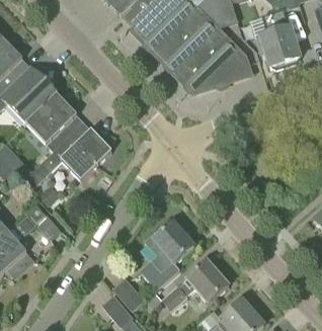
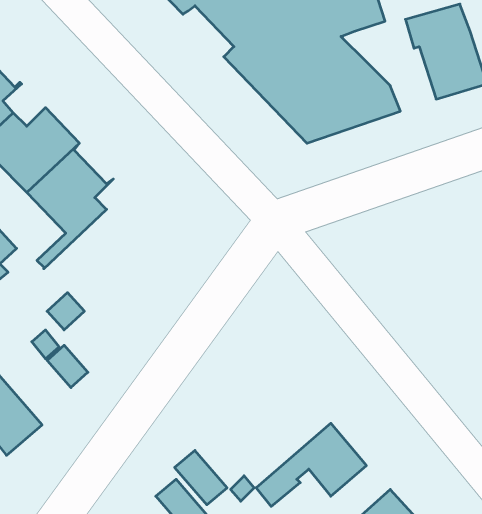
building: [22,130,111,188] -> none
building: [141,223,193,288] -> none

